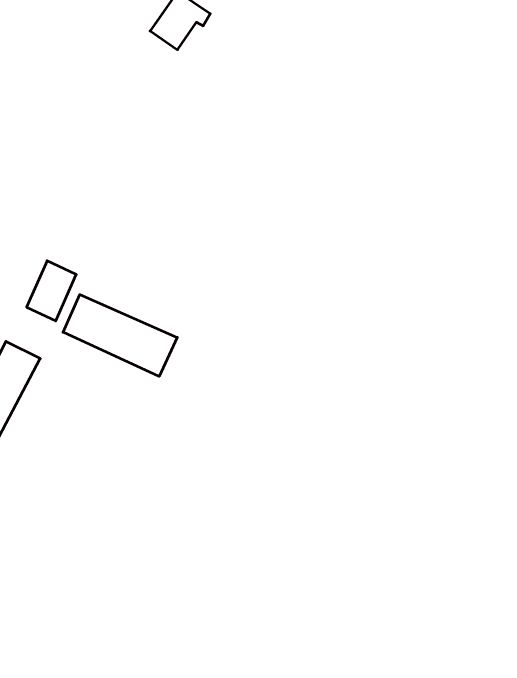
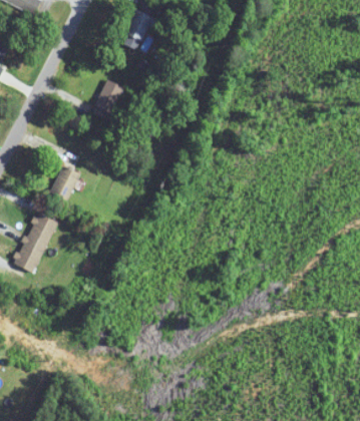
building: none -> [91,79,123,119]
building: [63,295,177,376] -> none

